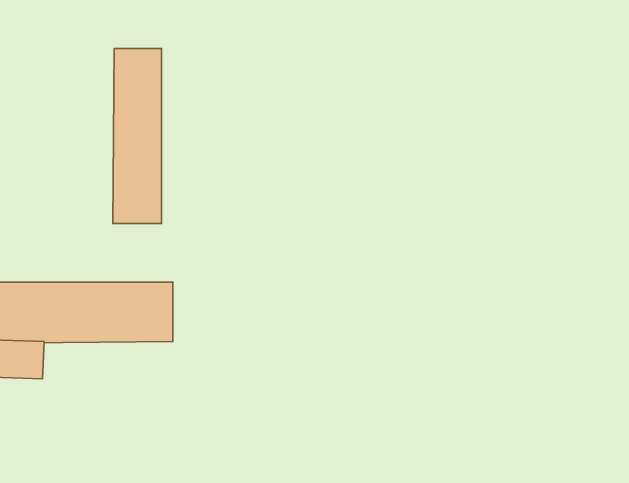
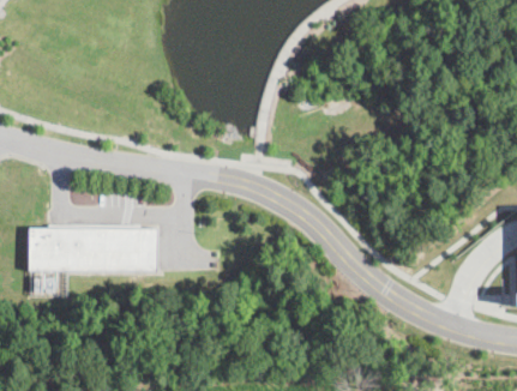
building: [113,48,161,224] -> none

